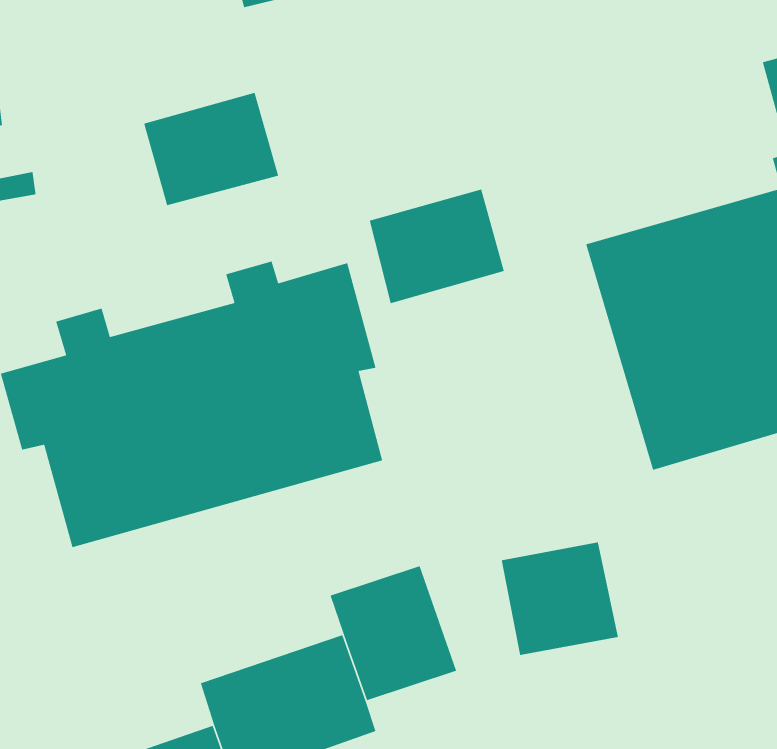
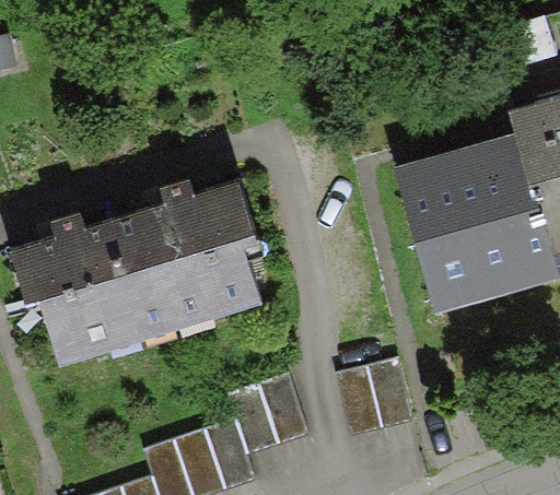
building: [143,92,279,206] -> none
building: [369,188,505,304] -> none

